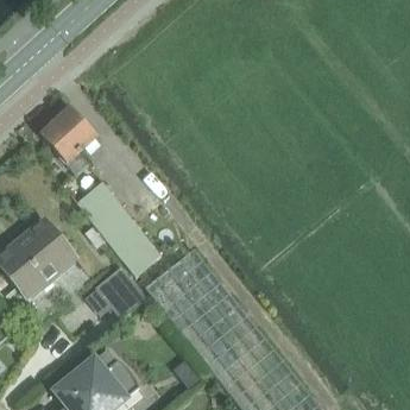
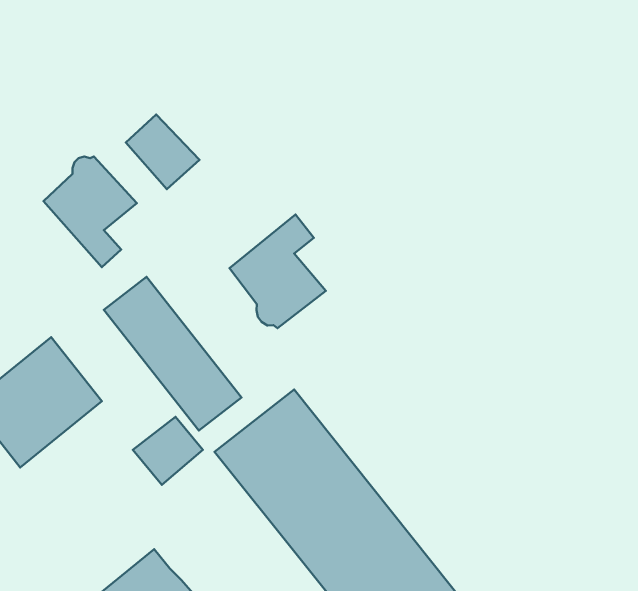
building: none -> [126,115,199,189]
building: none -> [229,214,326,328]

